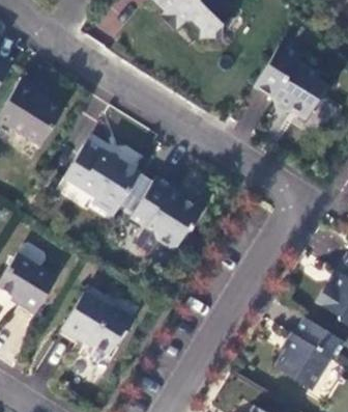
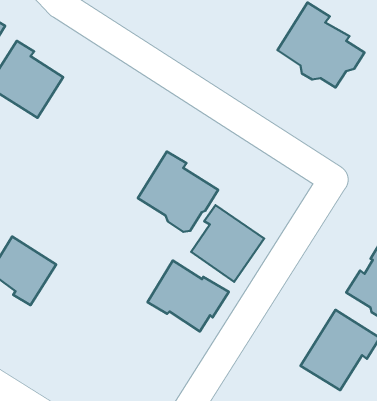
building: [61,139,139,217] -> none
building: none -> [191,205,264,282]
building: [61,291,134,354] -> [147,260,229,331]

